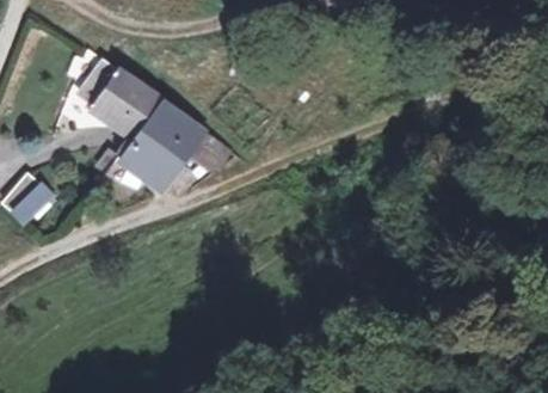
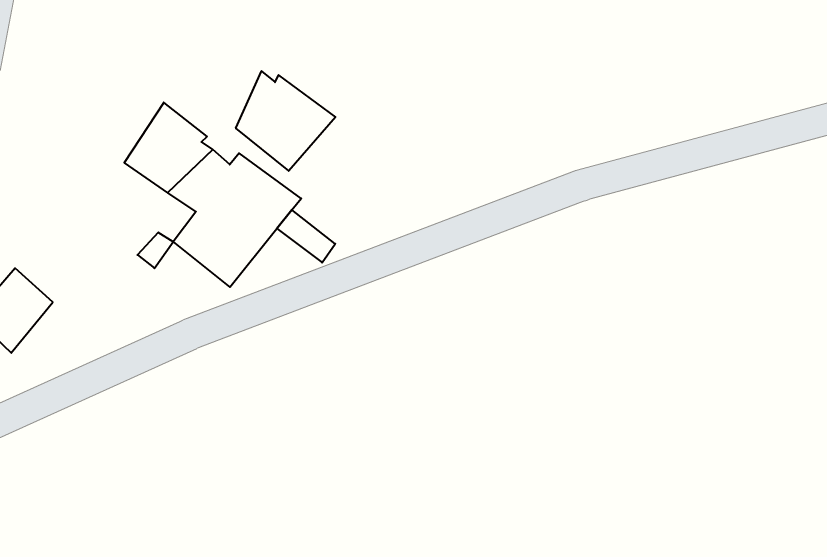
building: none -> [236,71,335,171]

